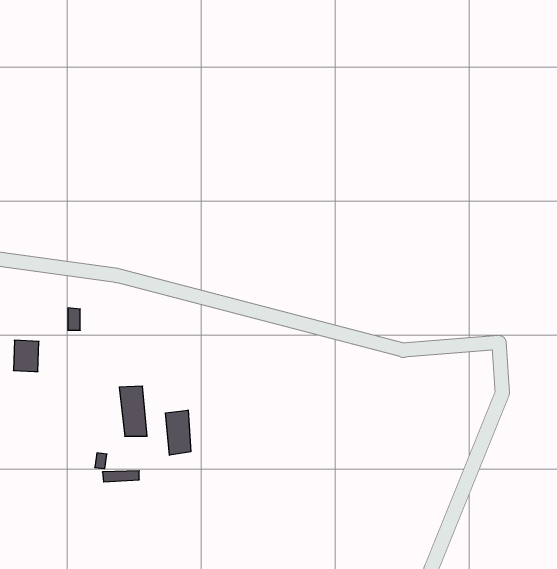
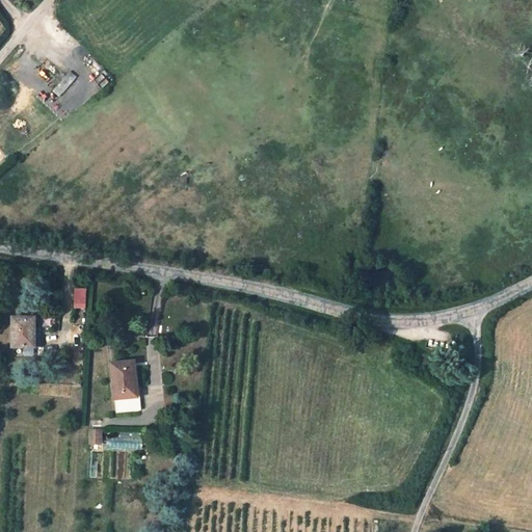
building: [166,410,191,455] -> none

